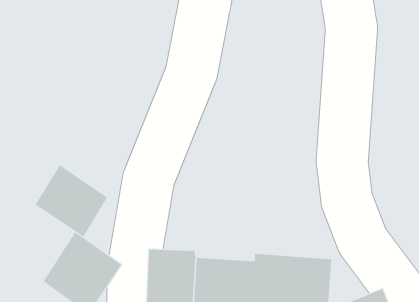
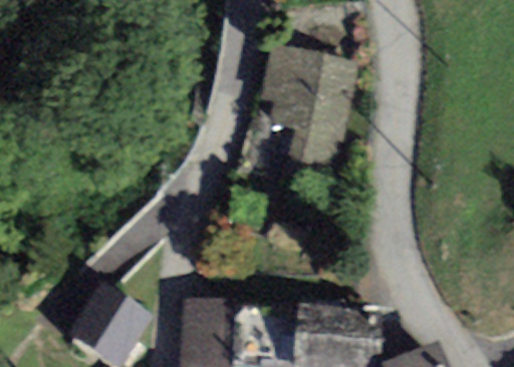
building: none -> [258,44,357,168]
building: [35,164,108,237] -> none

